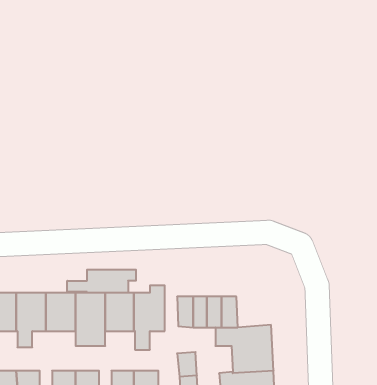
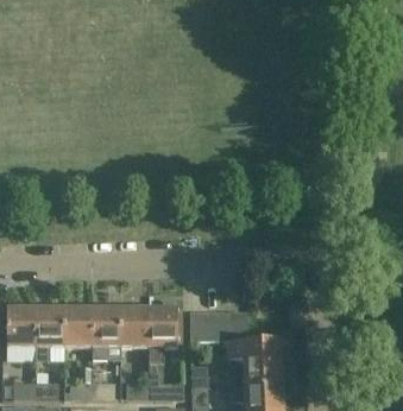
building: [67,270,136,293] -> none

